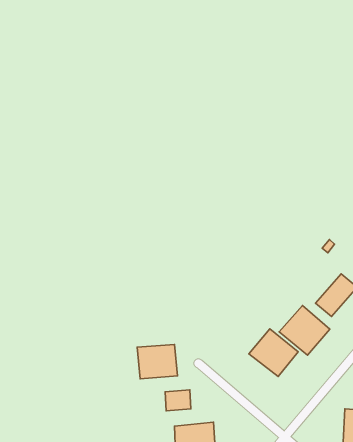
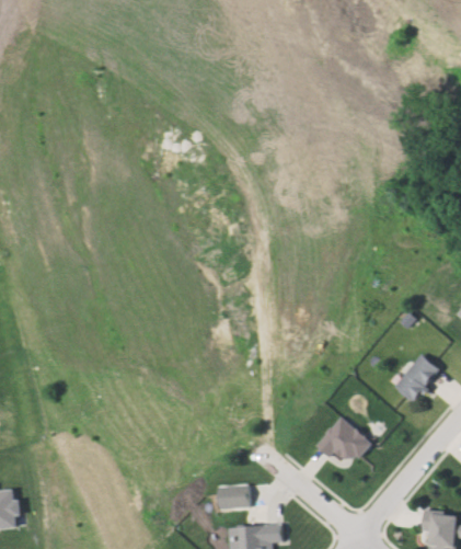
building: [279,306,330,355] -> none
building: [137,344,177,379] -> none

